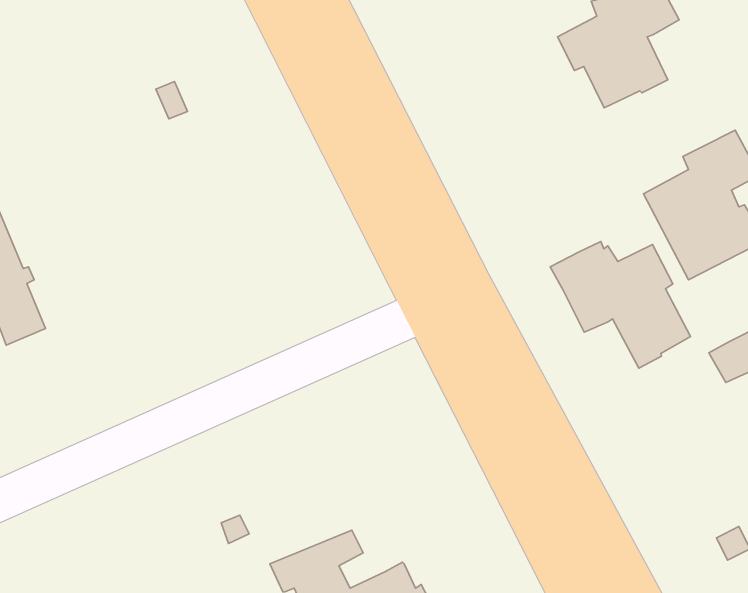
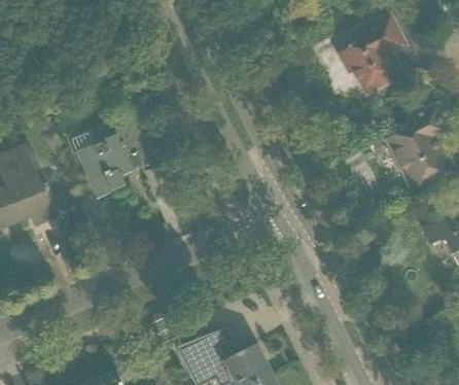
building: none -> [75,110,158,197]
building: [550,242,691,368] -> none

